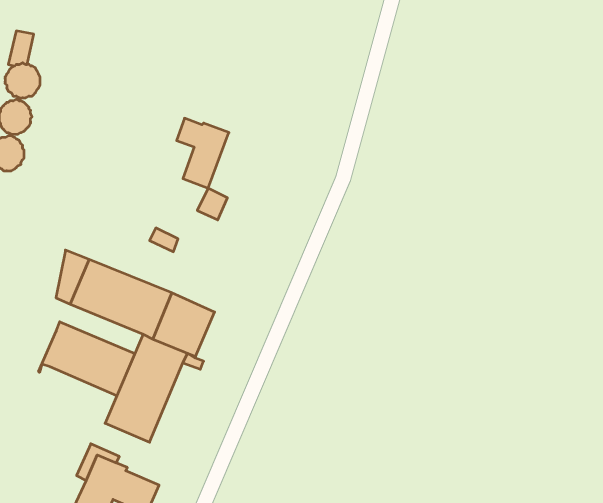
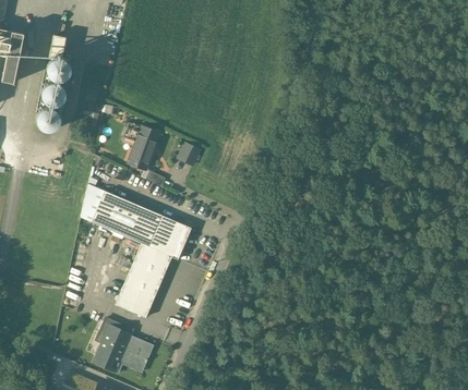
building: [177,118,229,188] -> [124,122,160,170]
building: [39,322,135,396] -> none

